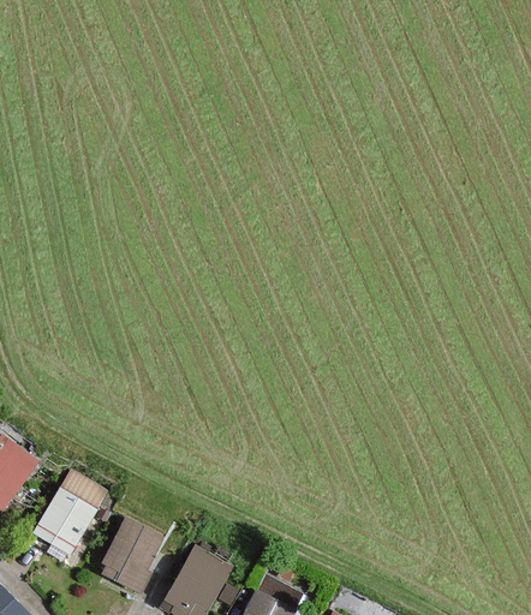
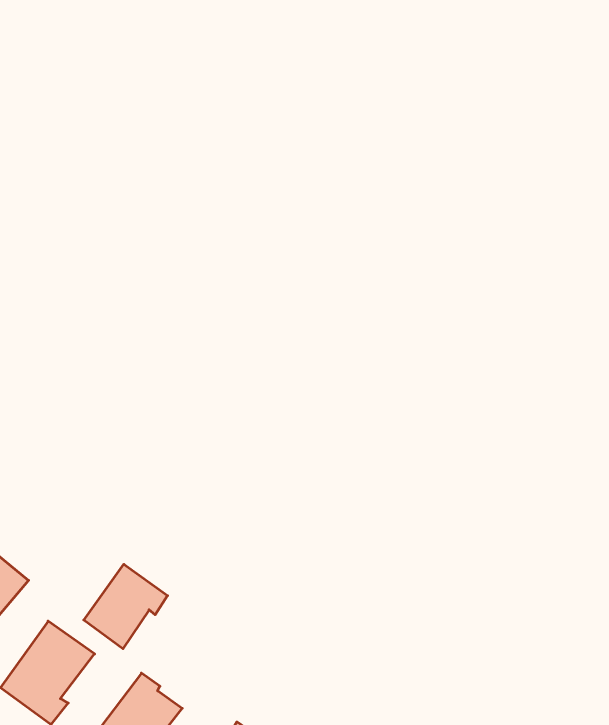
building: none -> [84,564,168,649]

